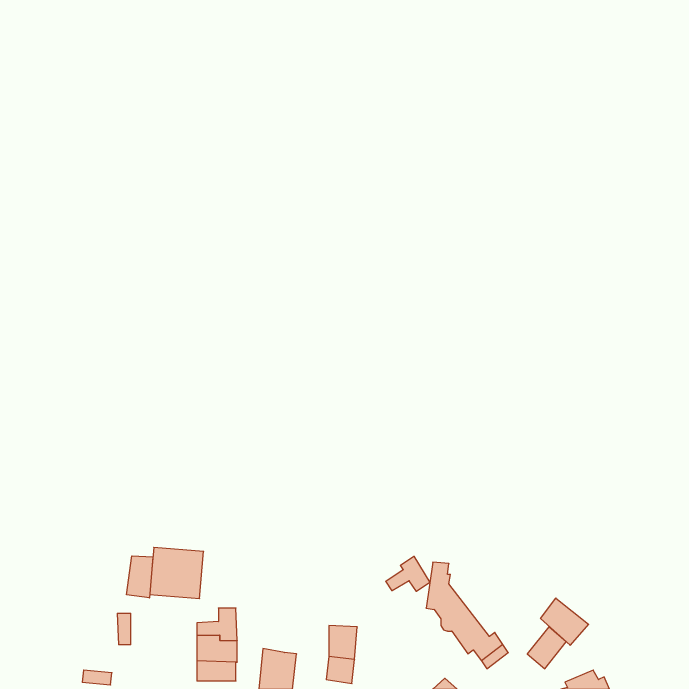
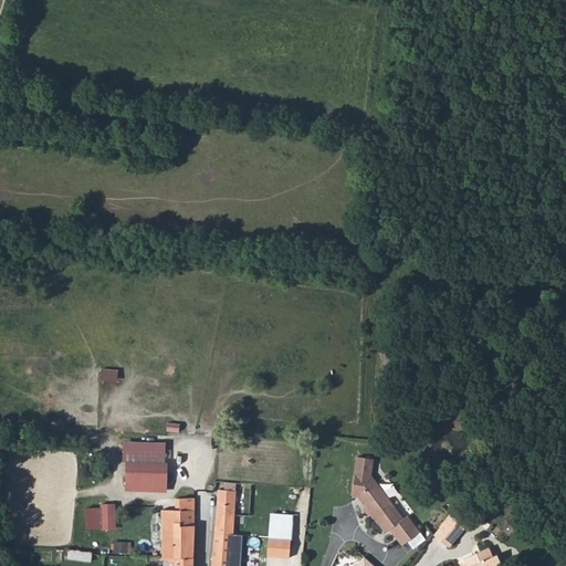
building: [127,556,153,598] -> none
building: [386,556,430,591] -> none
building: none -> [216,490,235,535]
building: [541,598,589,645] -> none

